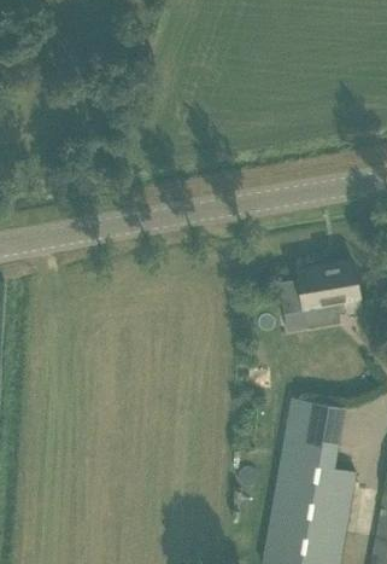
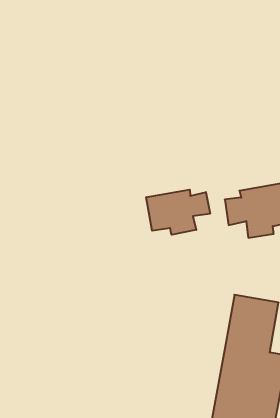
building: none -> [146,190,210,235]

